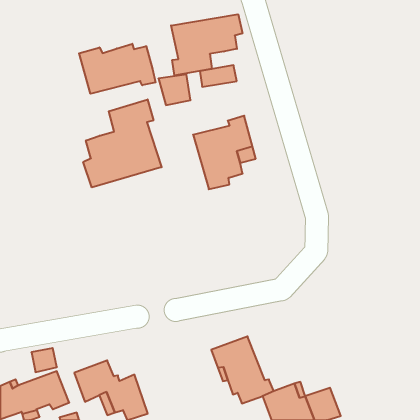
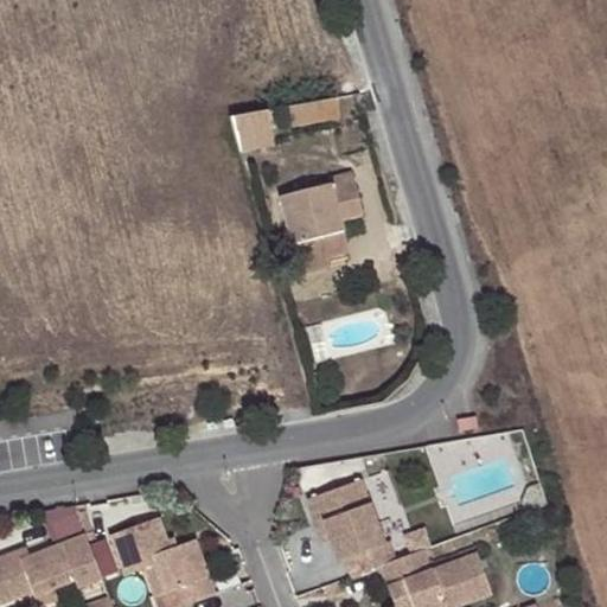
building: [171,14,242,76] -> none
building: [79,44,156,94] -> none
building: [83,99,162,187] -> none

